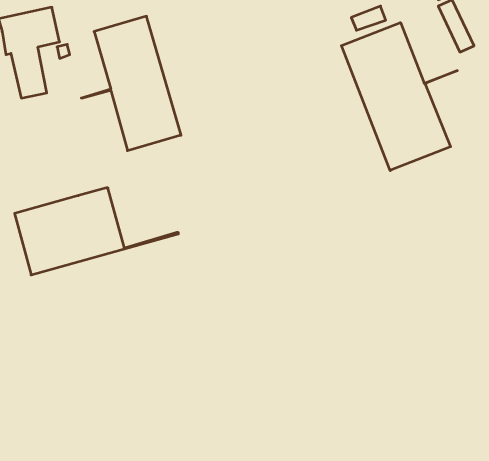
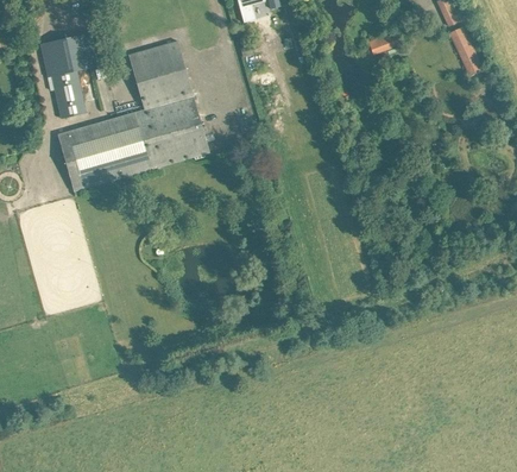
building: [341,23,457,171] -> none
building: [15,188,178,275] -> [56,109,208,190]

